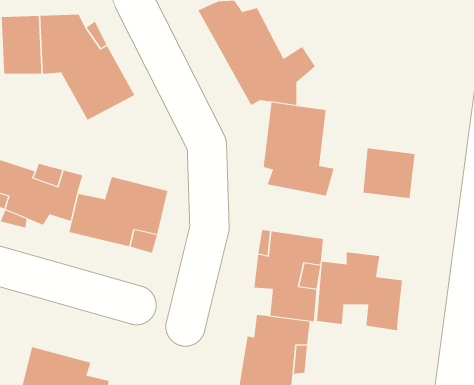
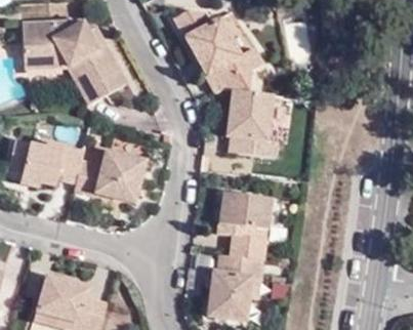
building: [363,148,415,199] -> none
building: [316,252,402,331] -> none

